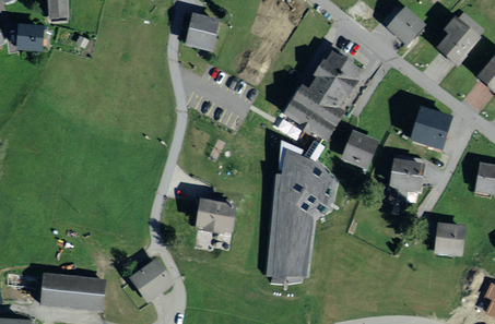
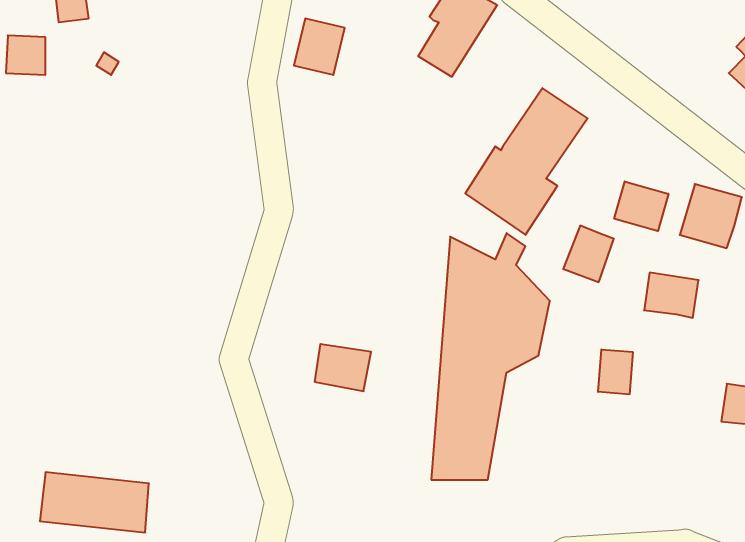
building: [390,11,419,40] -> none
building: none -> [614,181,668,231]
building: none -> [598,349,633,394]
building: [133,260,170,295] -> none

